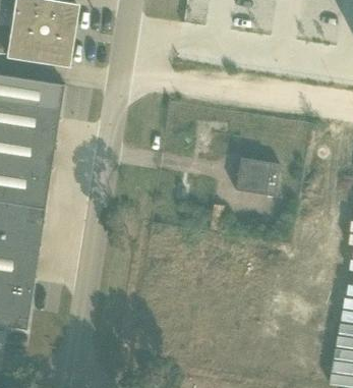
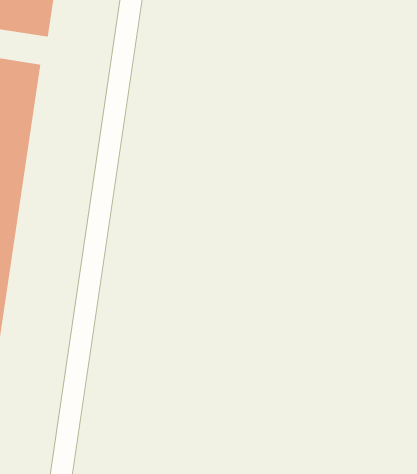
building: [235,158,280,197] -> none

